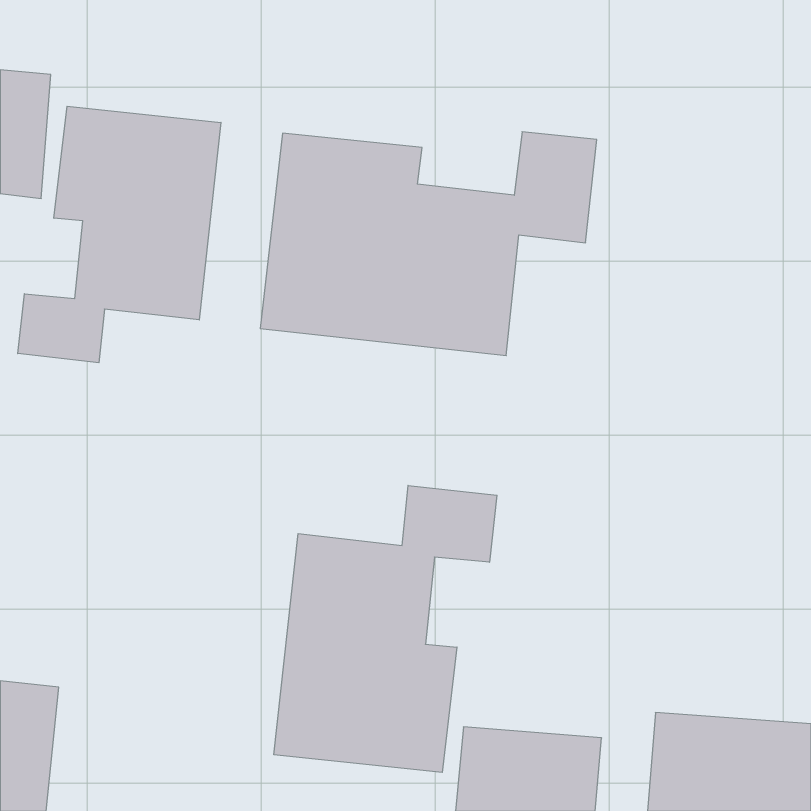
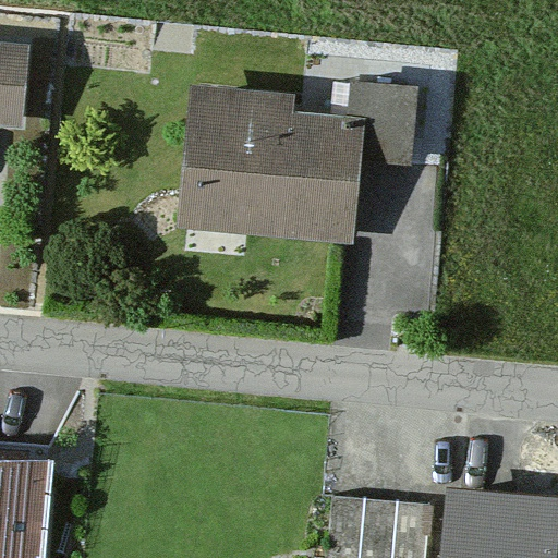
building: [18,106,221,363] -> none
building: [274,485,497,772] -> none

